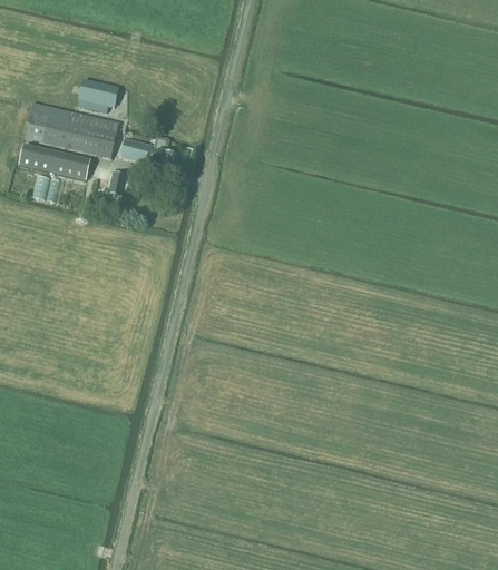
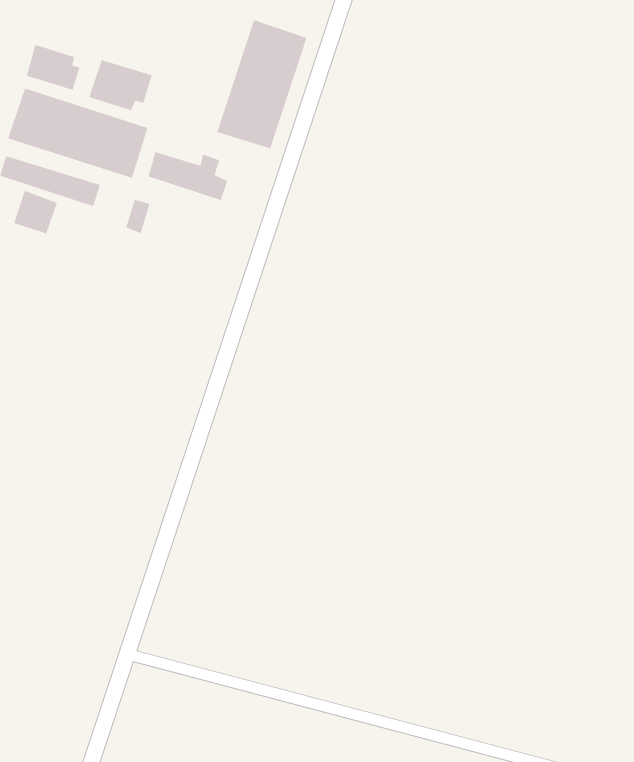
building: none -> [216,19,307,149]
building: none -> [26,44,80,91]

